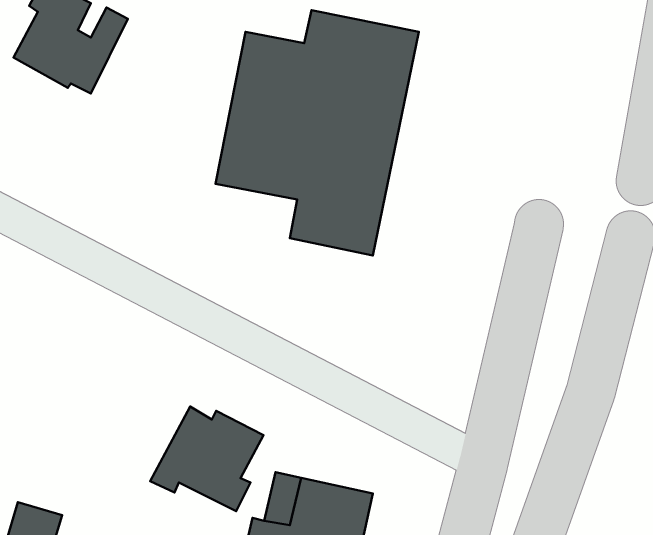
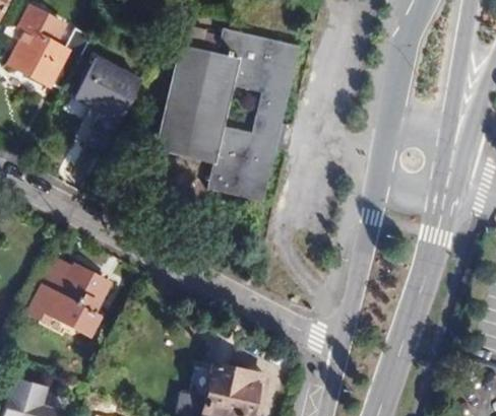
building: none -> [76,55,143,148]
building: [150,406,263,511] -> [27,261,108,335]

